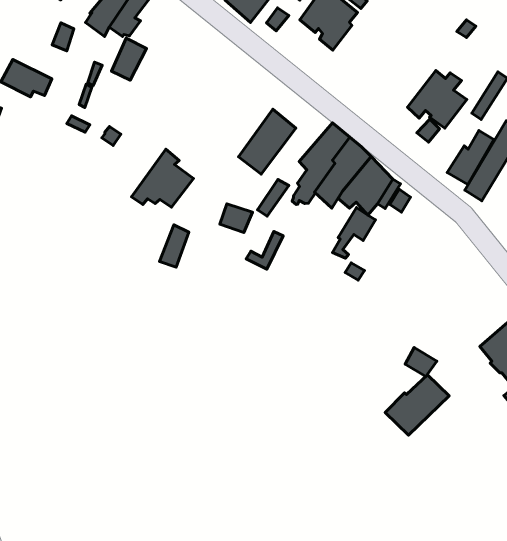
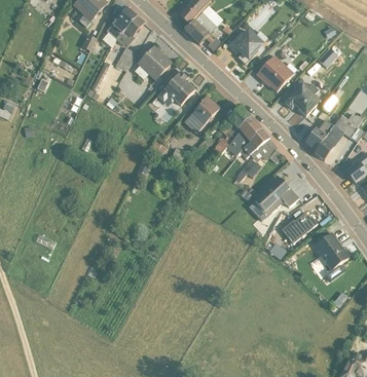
building: none -> [256,54,297,91]
building: none -> [134,47,171,80]
building: [131,149,193,207] -> [157,71,194,105]
building: none -> [254,178,298,216]
building: [385,375,449,435] -> [280,210,318,243]

